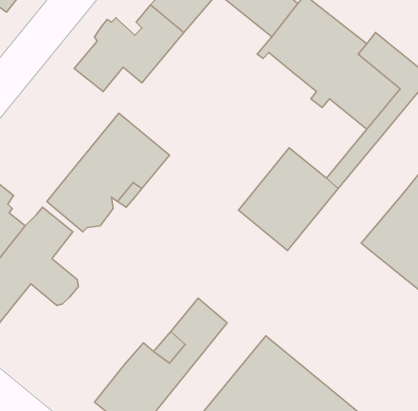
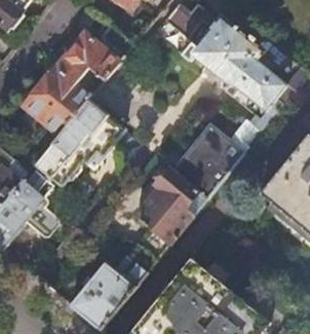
building: none -> [23,69,89,136]
building: none -> [133,166,206,244]

